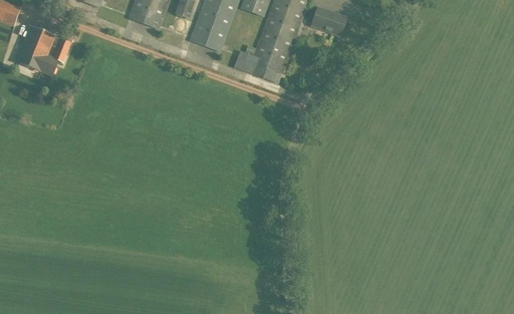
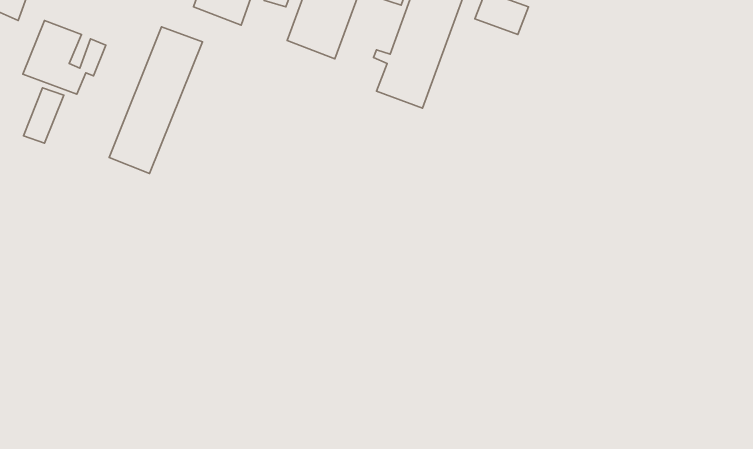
building: none -> [109,27,202,173]
building: none -> [23,88,64,143]

